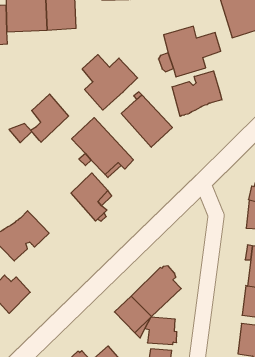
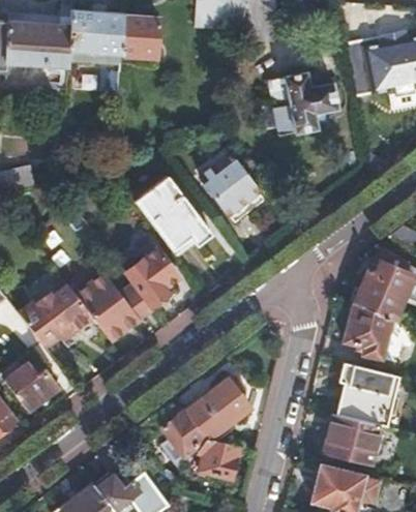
building: [82,55,138,110] -> none
building: [172,71,222,116] -> none
building: [31,94,69,142] -> none
building: none -> [73,270,152,342]

